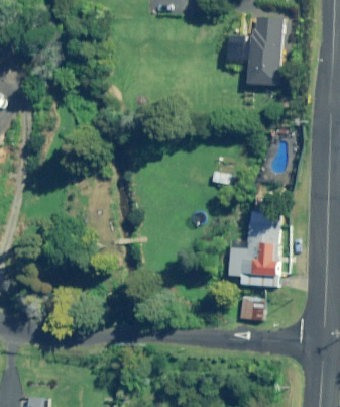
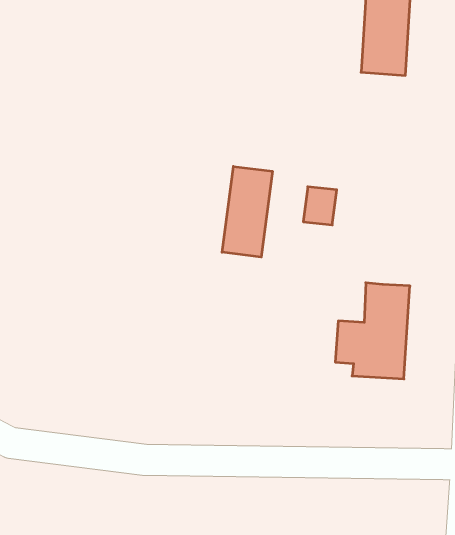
building: none -> [222,166,272,257]
building: [238,299,261,320] -> none

